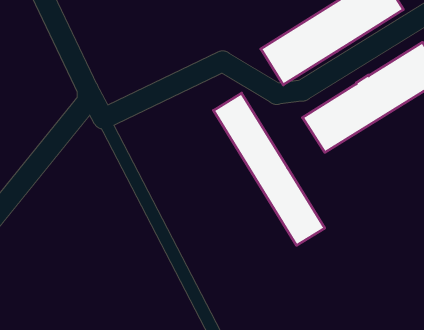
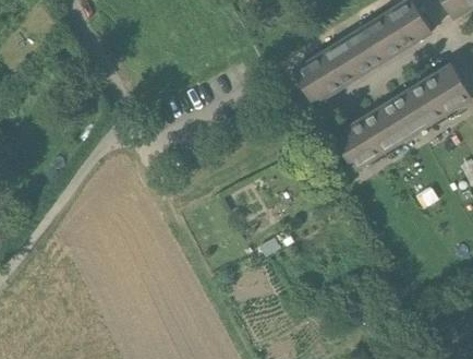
building: [213,93,325,245] -> none

